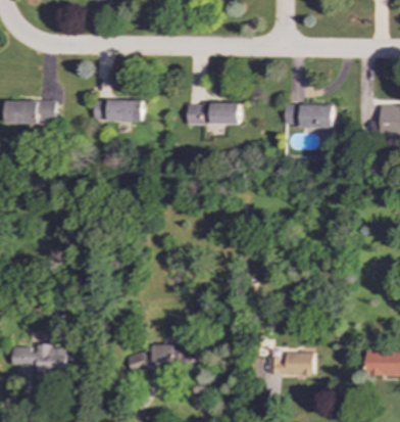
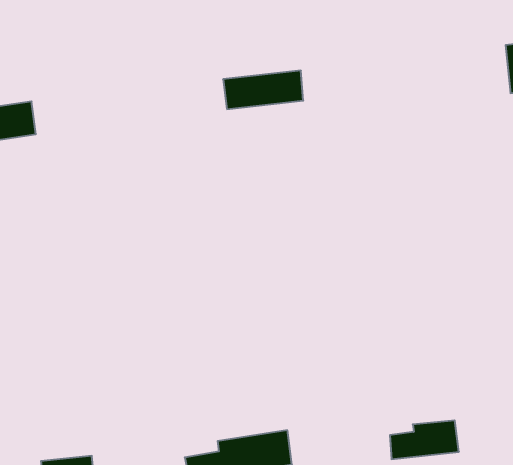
building: [94,99,144,121] -> none
building: [284,103,333,126] -> none

